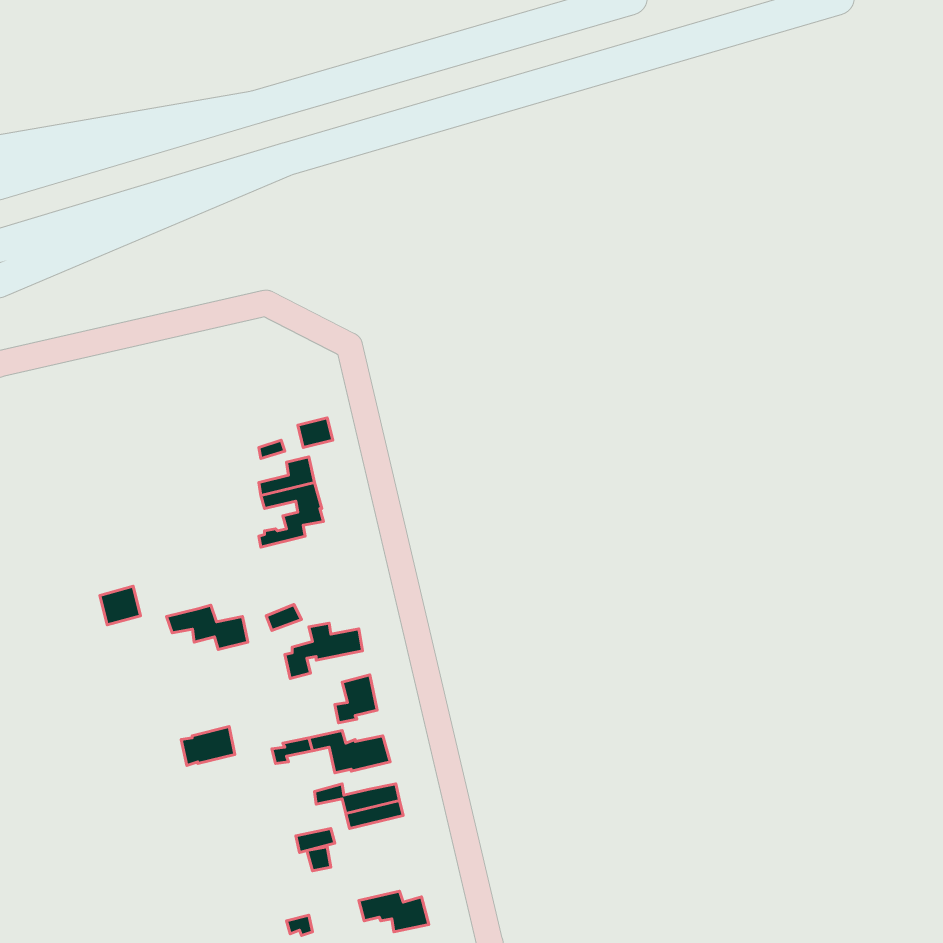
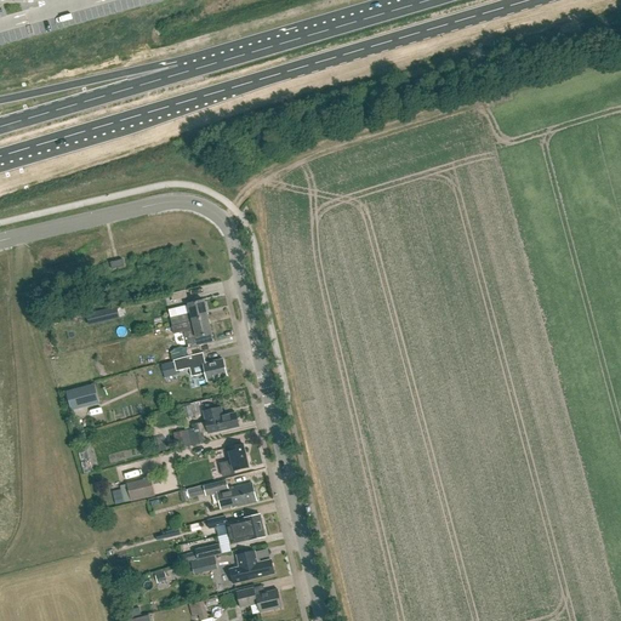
building: [167,605,248,650] -> [172,352,226,381]
building: none -> [228,549,274,582]

